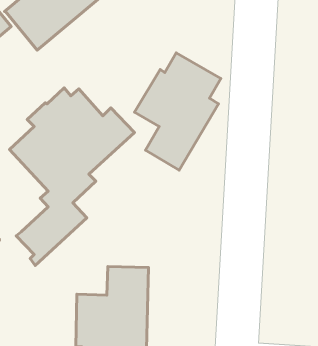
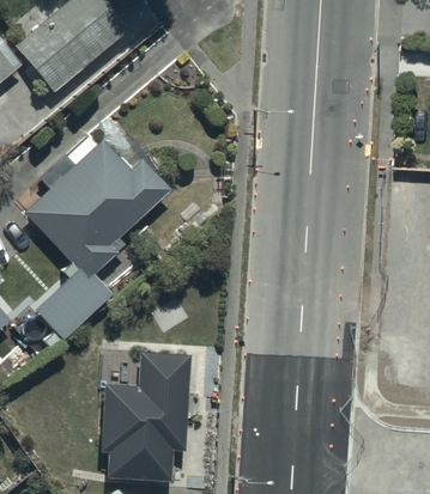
building: [134,53,221,170] -> none

